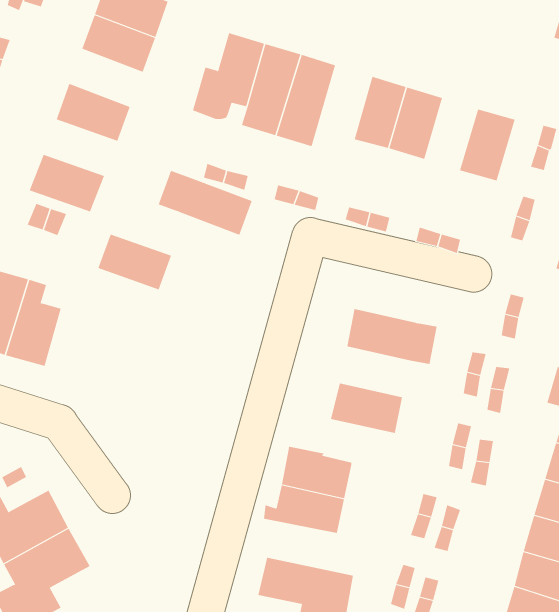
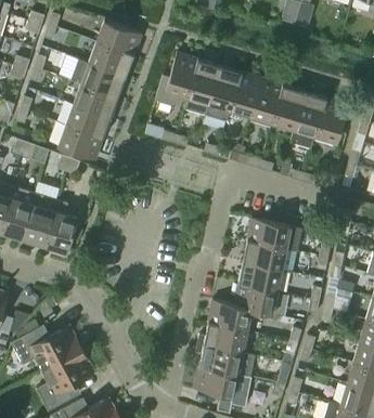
building: none -> [228,73,262,120]
building: none -> [289,86,325,148]
building: [158,170,252,235] -> [69,58,126,97]
building: [97,234,172,290] -> [66,105,111,139]
building: none -> [243,240,297,273]
building: none -> [233,284,276,315]
building: none -> [195,343,255,377]

